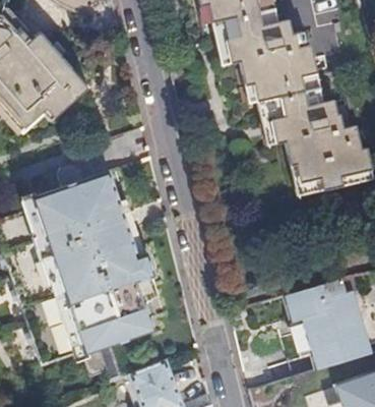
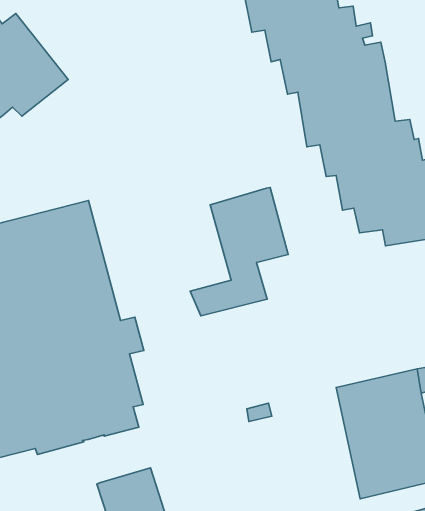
building: none -> [190,187,288,316]

